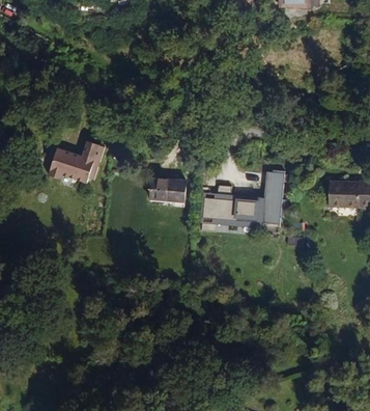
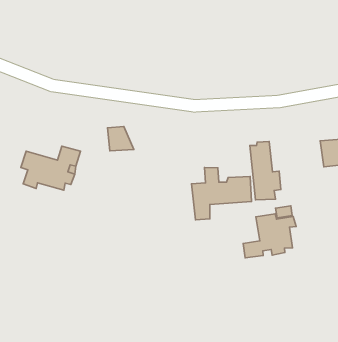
building: [159,169,181,193] -> [108,126,134,151]
building: none -> [243,214,296,258]

